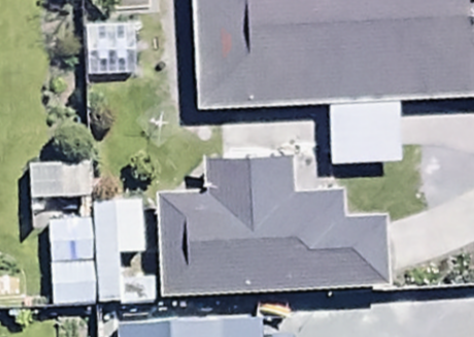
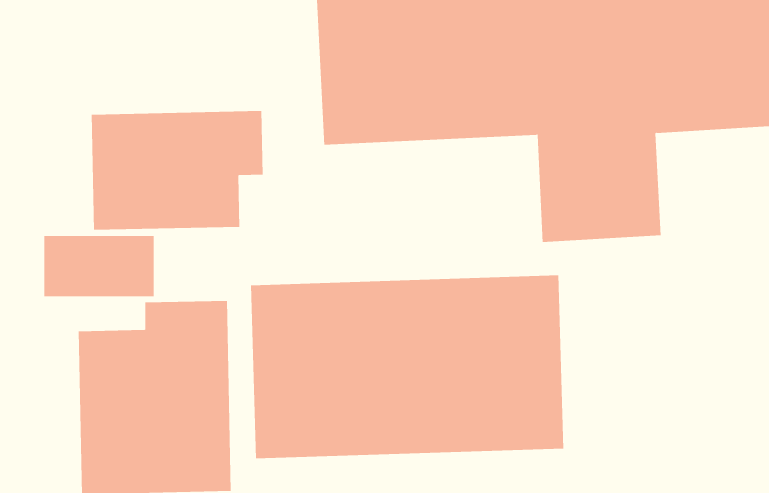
building: none -> [91,110,263,231]

